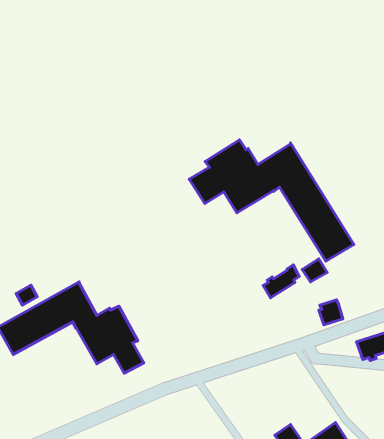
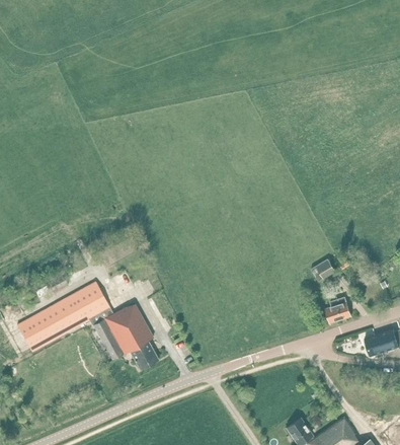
building: [189,140,354,261] -> none
building: [263,265,299,298] -> none

